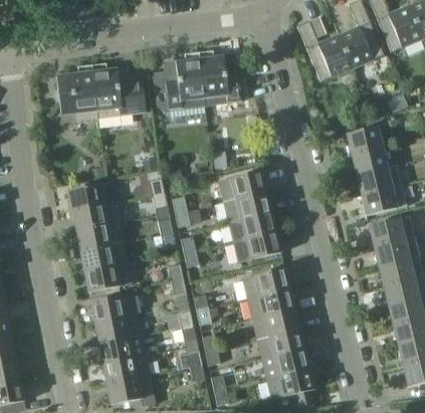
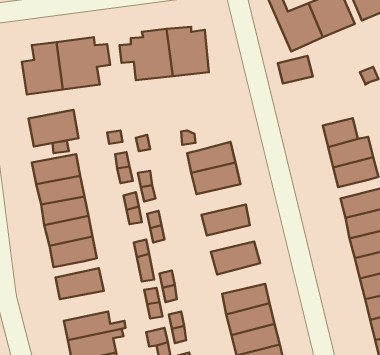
building: [347,127,381,154] -> [278,56,313,84]
building: none -> [29,110,79,146]
building: [228,211,276,241] -> none
building: [248,288,295,319] -> none
building: [94,316,142,345] -> none

